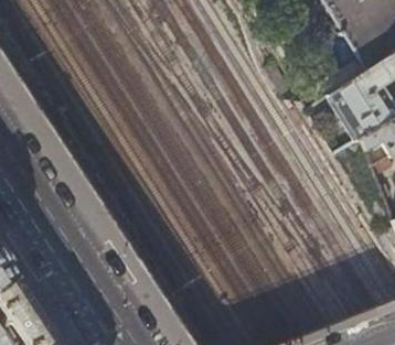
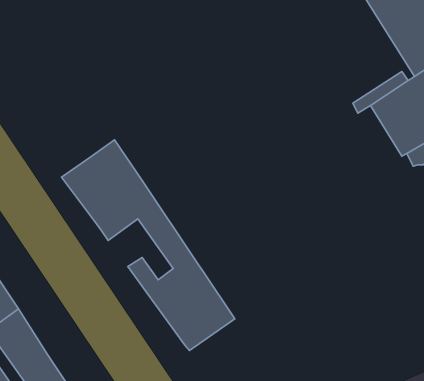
building: none -> [62,140,235,351]

